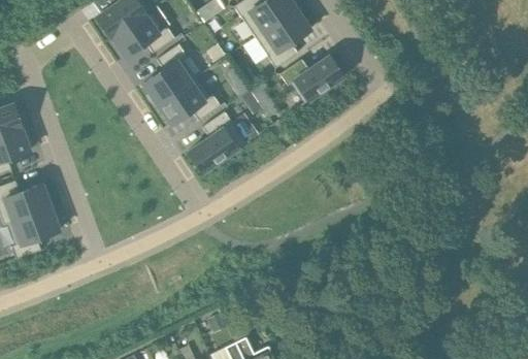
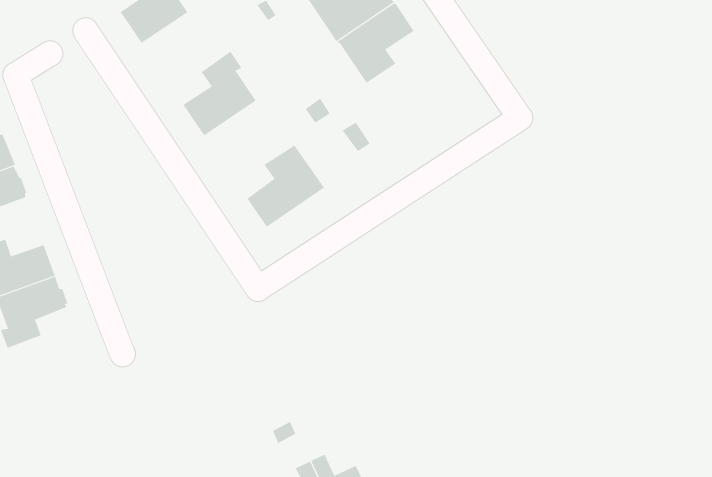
building: [113,18,175,58] -> none
building: [279,57,343,104] -> none
building: [159,81,221,126] -> none

